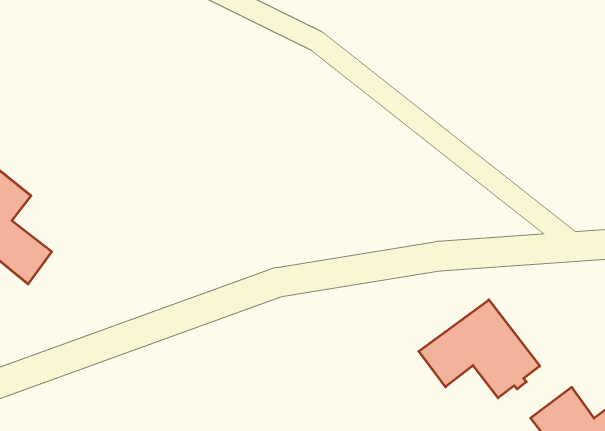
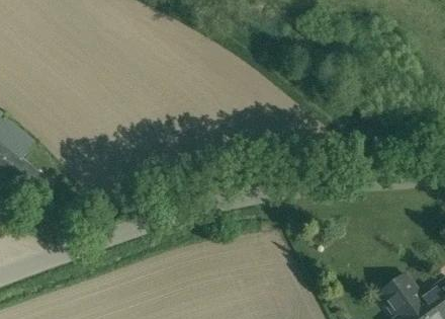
building: [419,300,540,398] -> none

